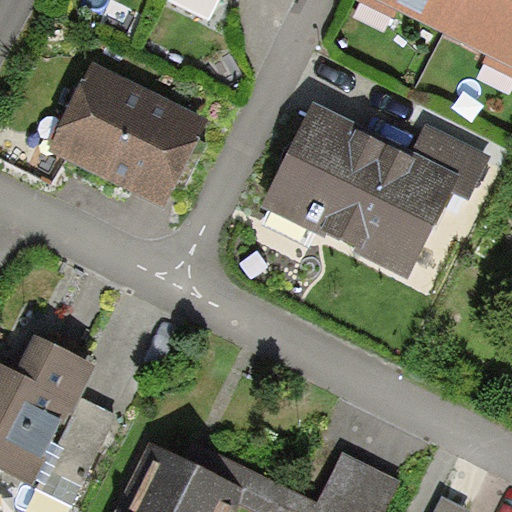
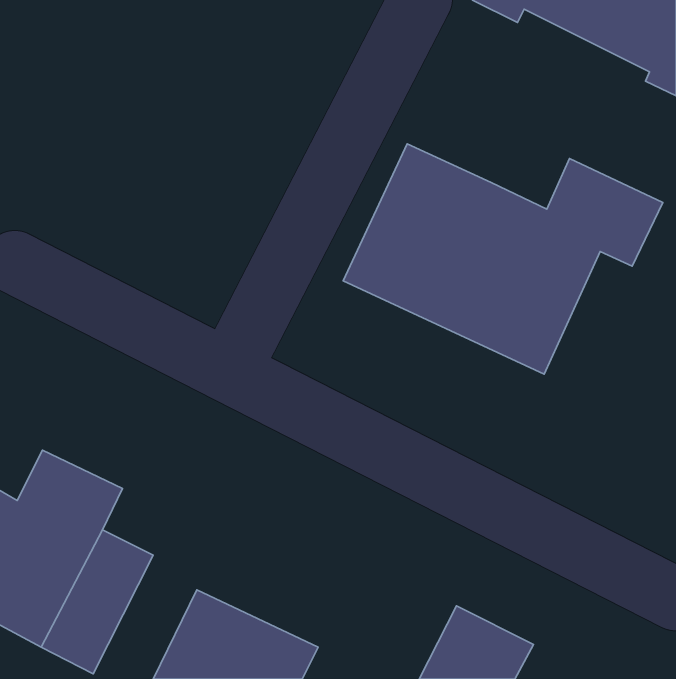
building: [49,61,208,207] -> none

